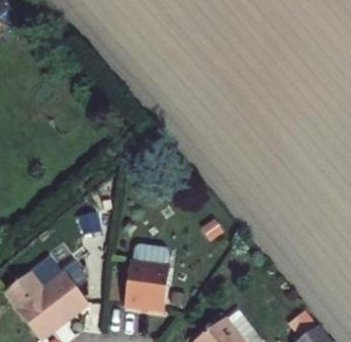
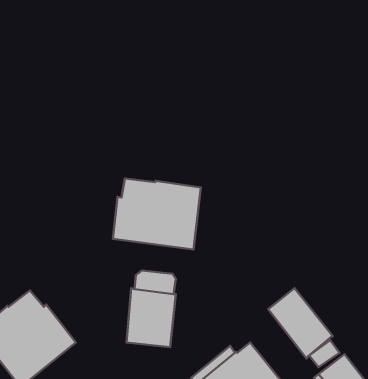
building: none -> [113,179,201,249]
building: none -> [268,288,333,359]

